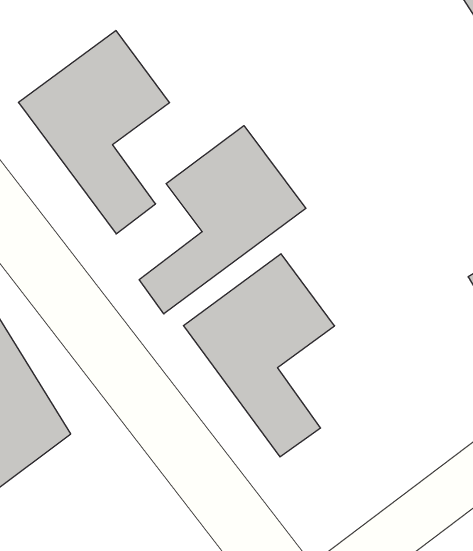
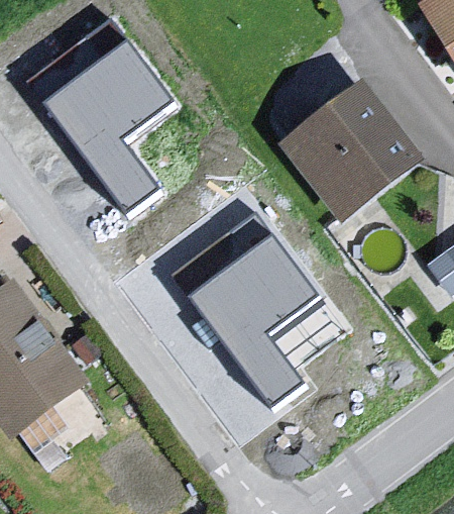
building: none -> [289,86,429,226]
building: [139,126,306,314] -> none

